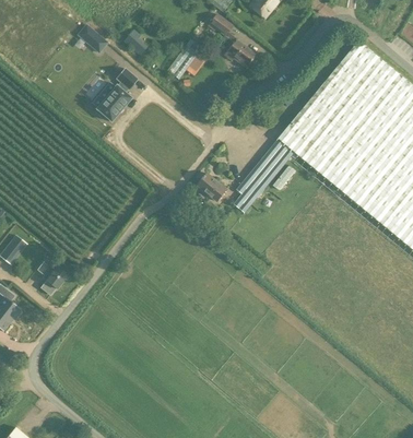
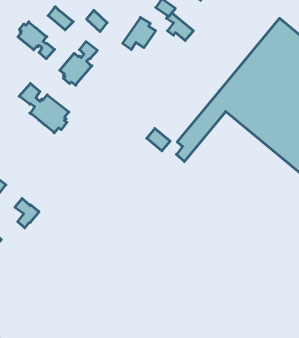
building: none -> [18,22,55,59]
building: none -> [19,83,69,133]

